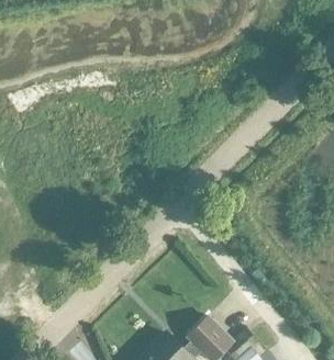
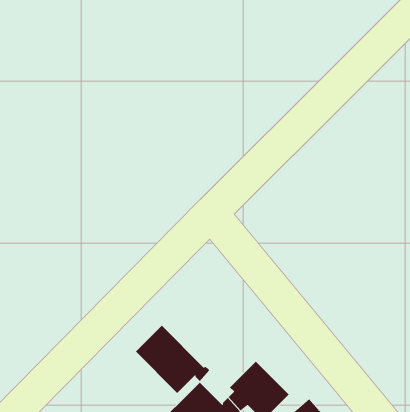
building: none -> [135,325,210,394]

